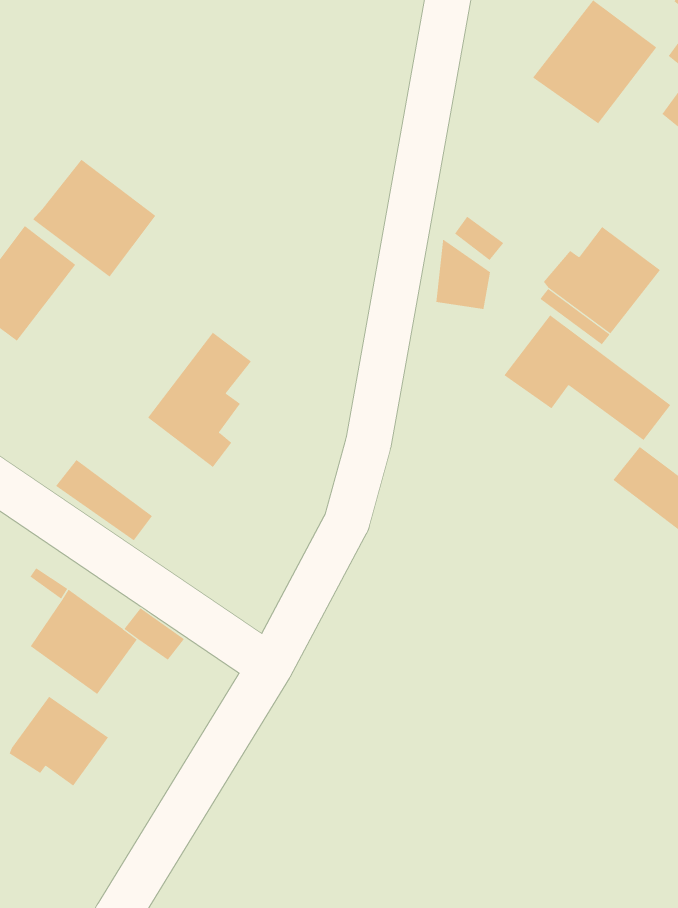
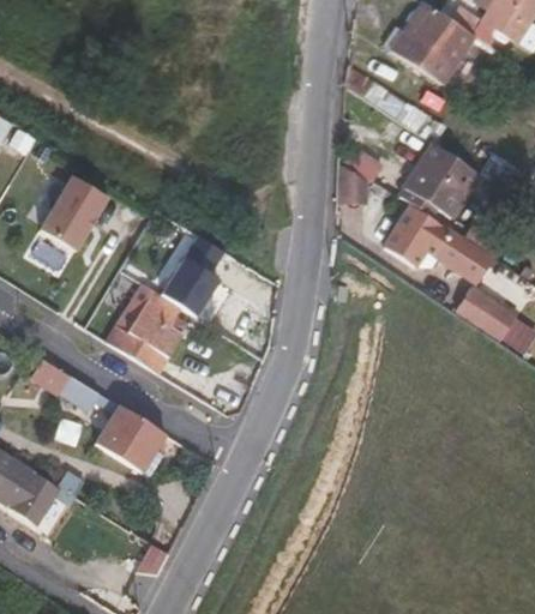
building: [32,159,156,277] -> none
building: none -> [116,281,185,354]
building: [9,696,109,786] -> none

